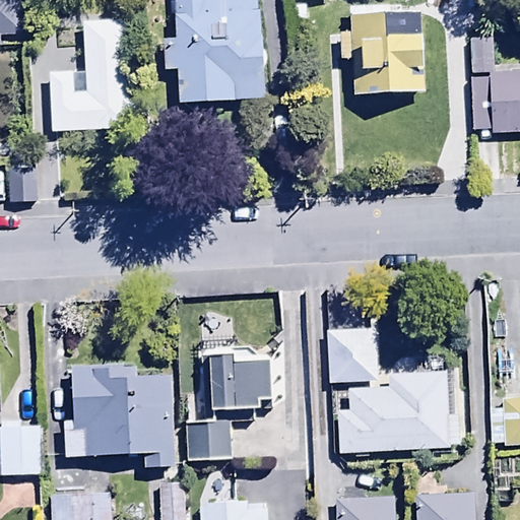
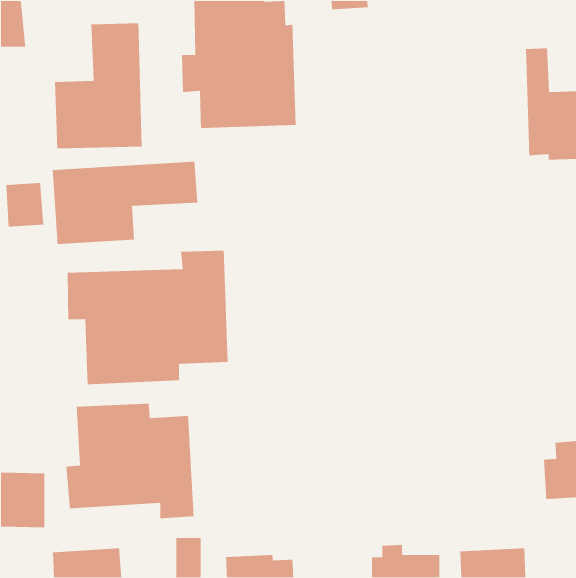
building: [340,19,427,108] -> none
building: none -> [52,161,198,245]
building: none -> [67,250,229,385]
building: [325,327,450,451] -> none
building: [184,345,272,459] -> none

